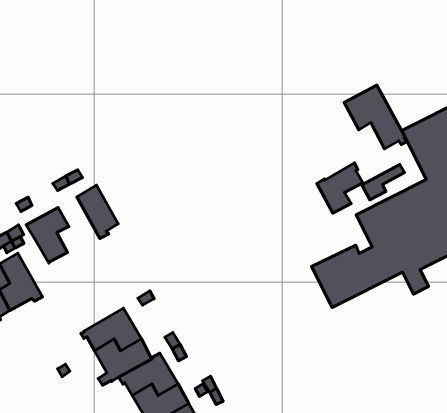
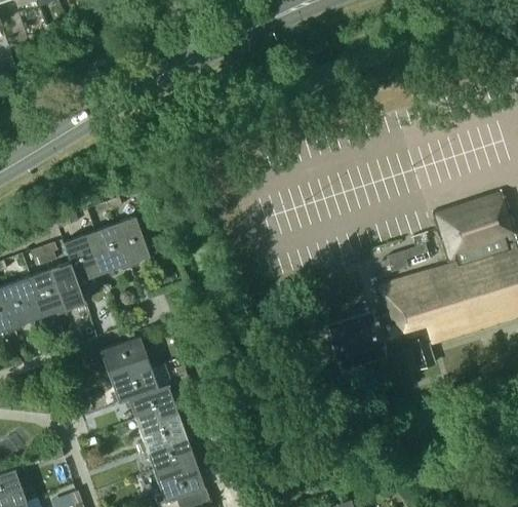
building: [344,85,407,149] -> none
building: [317,163,363,213] -> none
building: none -> [89,224,129,275]
building: none -> [49,261,85,313]

